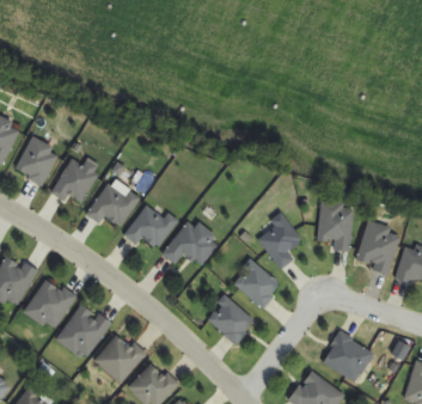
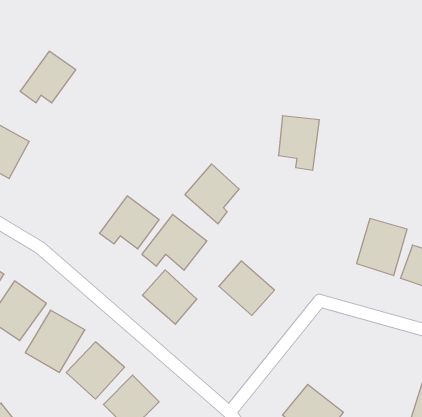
building: [49,155,99,202] -> [20,51,76,103]
building: [85,180,139,227] -> none
building: [317,202,354,251] -> [278,116,319,170]
building: [253,214,302,268] -> [185,164,239,224]
building: [204,295,253,344] -> [142,270,197,324]
building: [320,331,373,382] -> none

